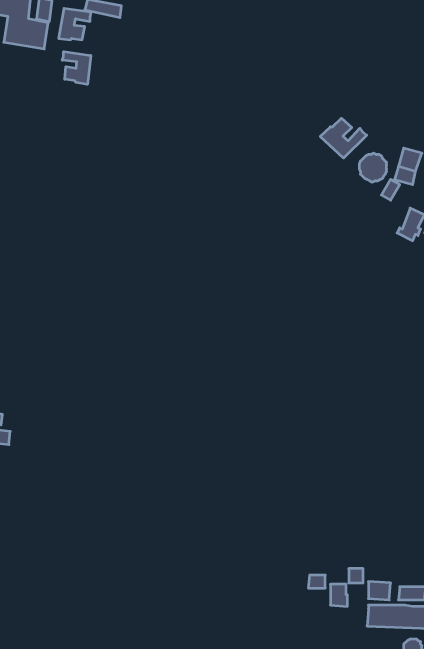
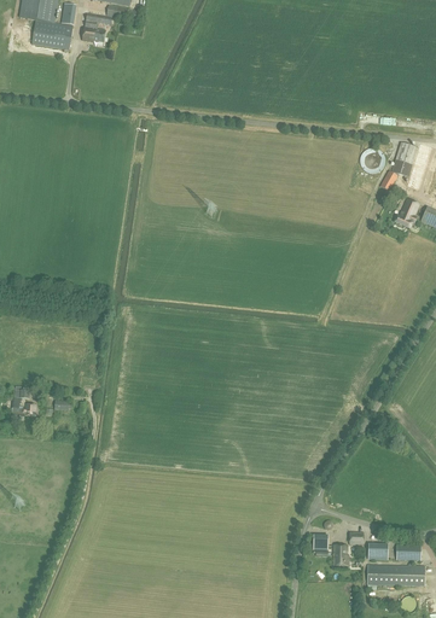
building: [62,52,91,84] -> none
building: [320,118,367,158] -> none

